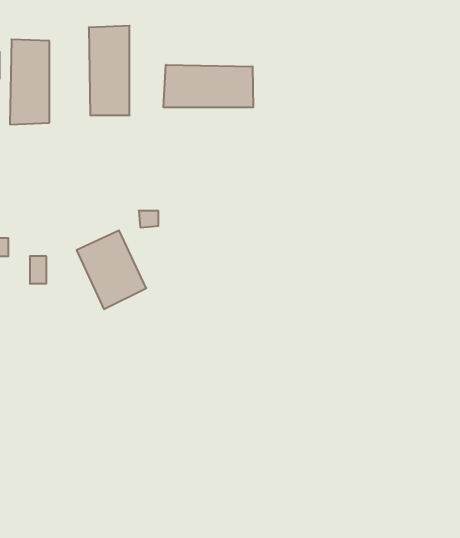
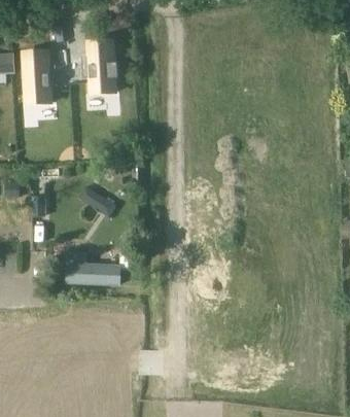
building: [164,65,253,107] -> none
building: none -> [68,252,122,284]

